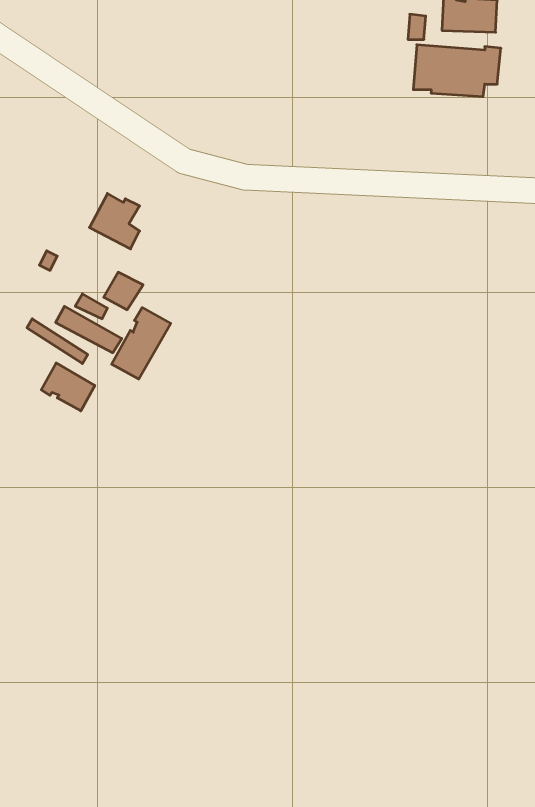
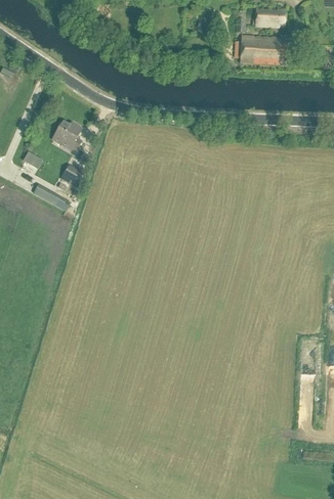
building: [112,308,171,379] -> none
building: [41,363,95,411] -> none

